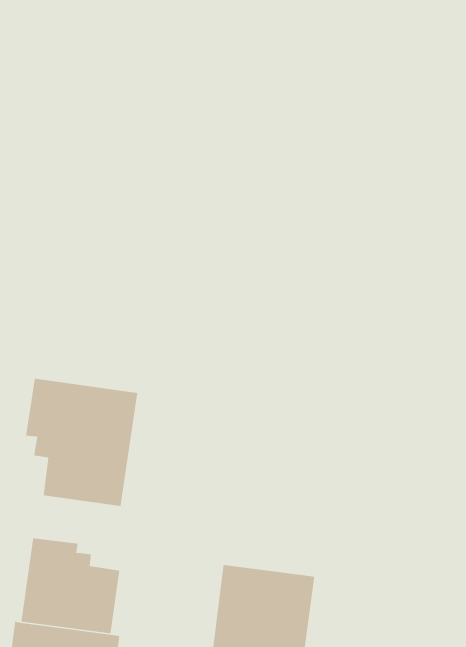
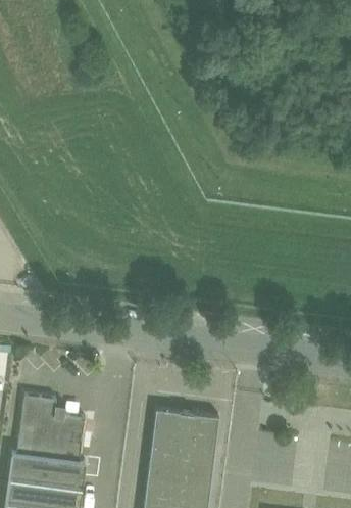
building: [25,378,138,507] -> none

